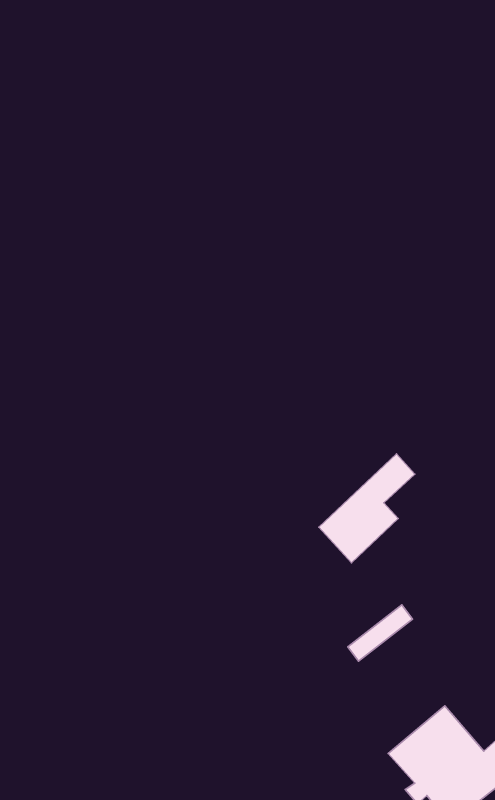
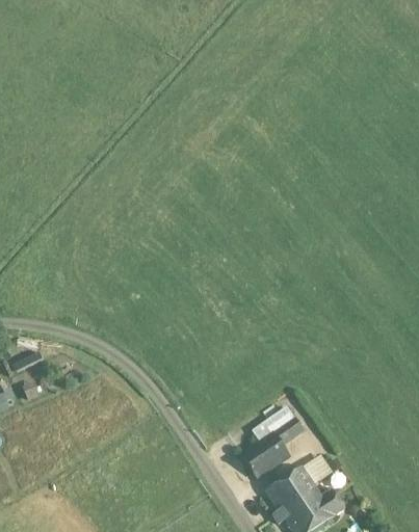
building: [319,454,415,563] -> [241,418,303,479]

